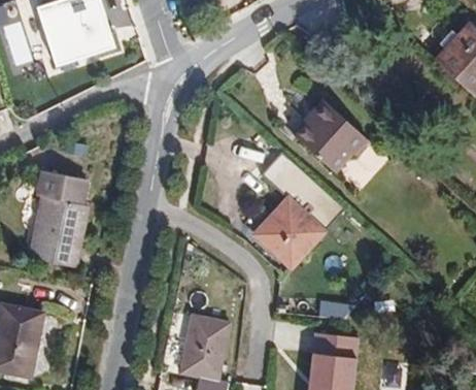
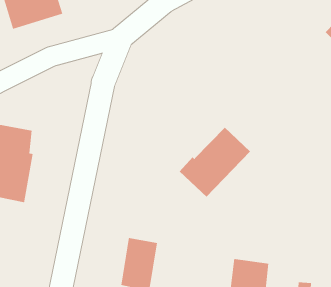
building: [297,95,367,166] -> none

